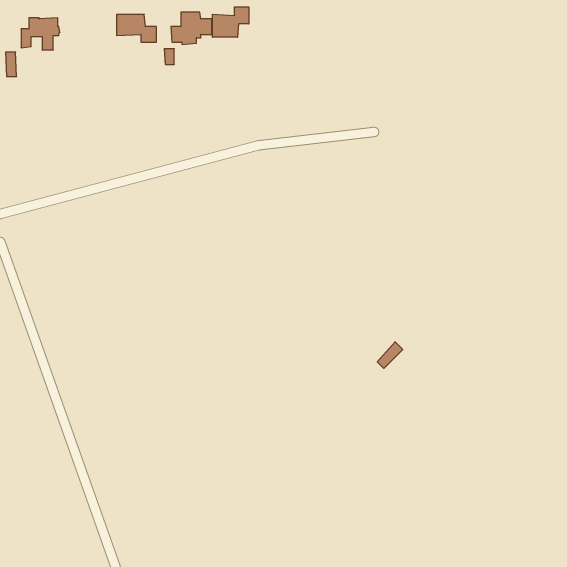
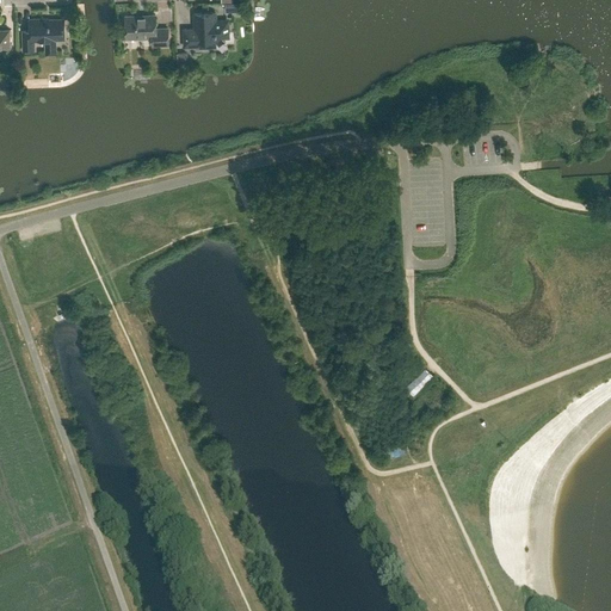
building: [212,7,249,37] -> none

